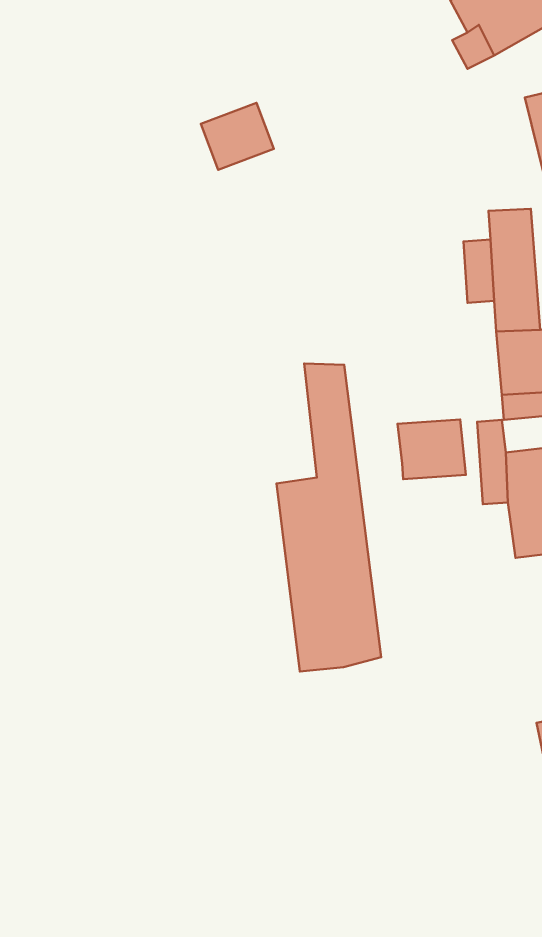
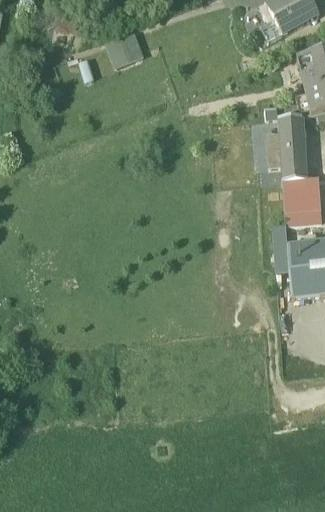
building: [201,103,274,170] -> [106,31,144,66]
building: [277,363,381,671] -> none
building: [397,419,466,479] -> none

